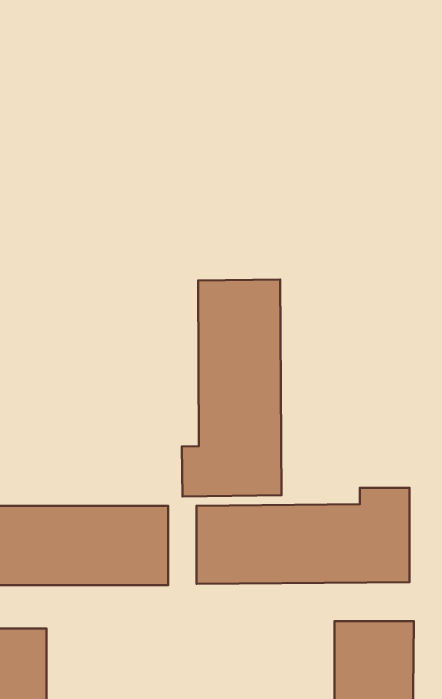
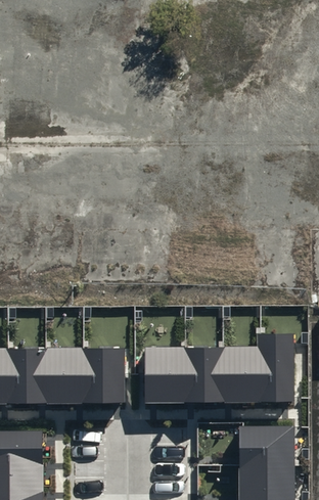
building: [182,279,282,496] -> none

